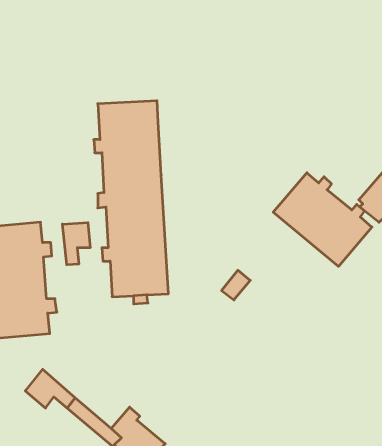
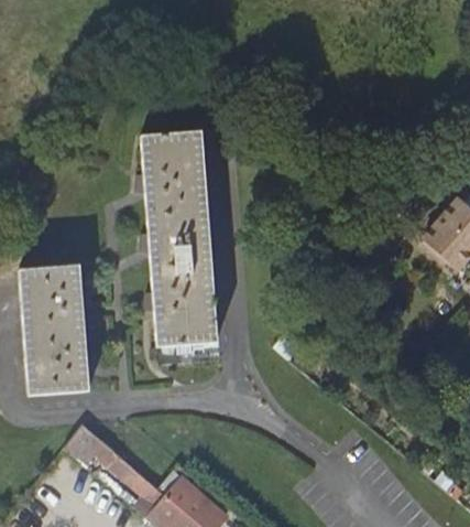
building: [273,173,372,266] -> none
building: [62,223,90,265] -> none

